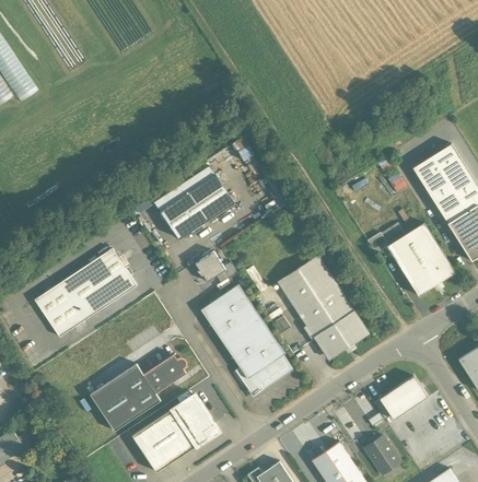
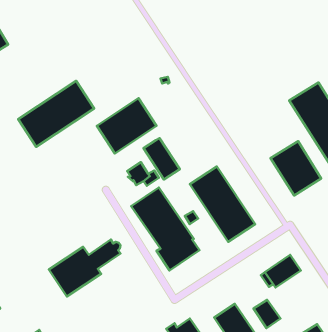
building: none -> [144,138,180,179]
building: [34,249,136,338] -> [18,81,94,147]
building: [132,395,214,472] -> none

